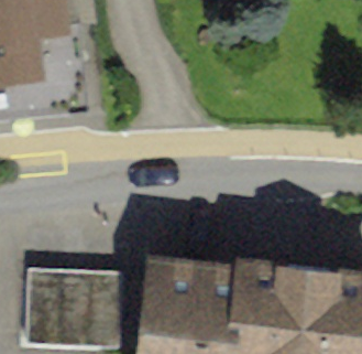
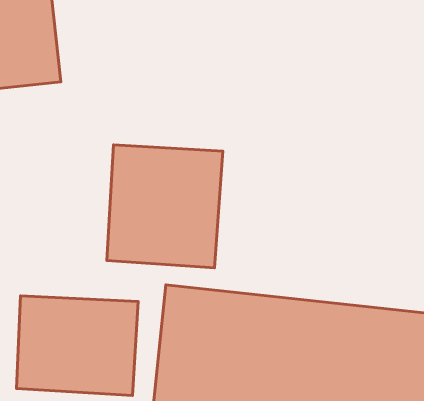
building: none -> [107,145,223,268]

